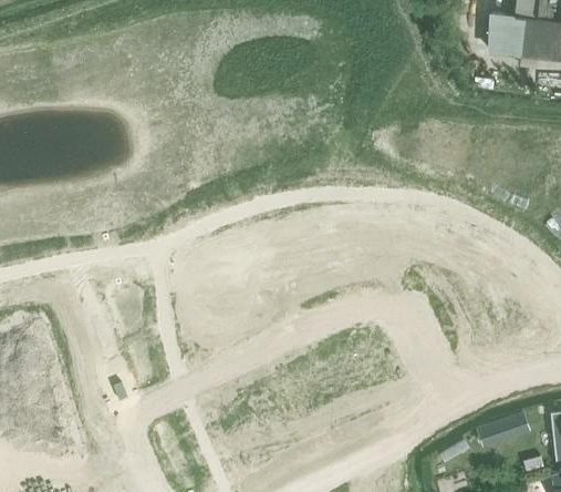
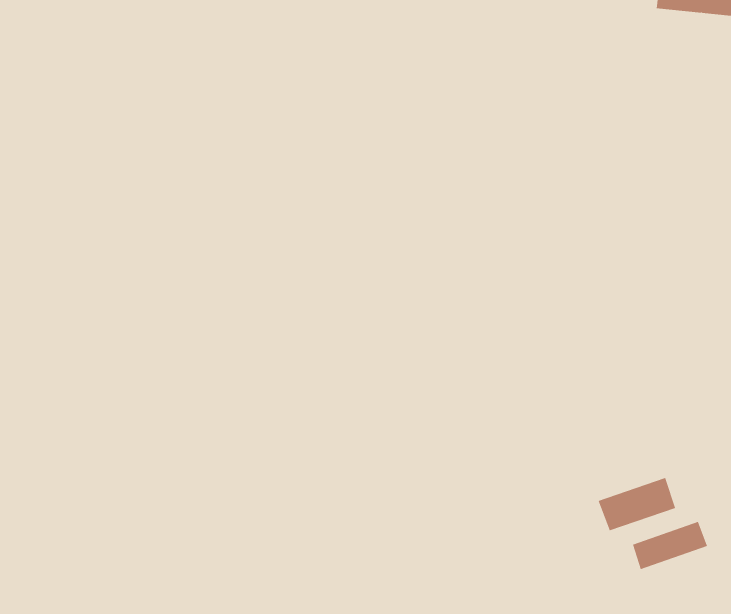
building: none -> [598,477,676,531]

